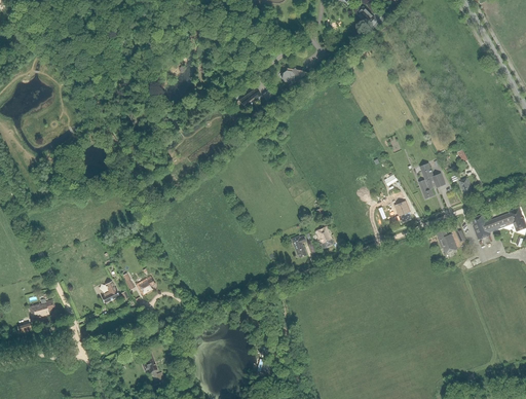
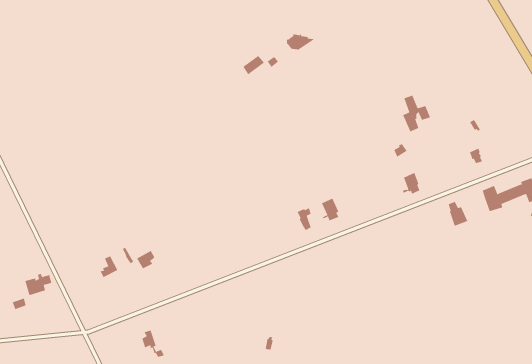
building: [418,162,446,198] -> [402,95,431,132]

